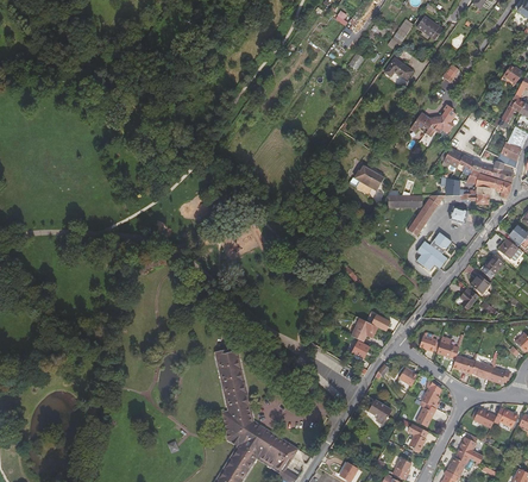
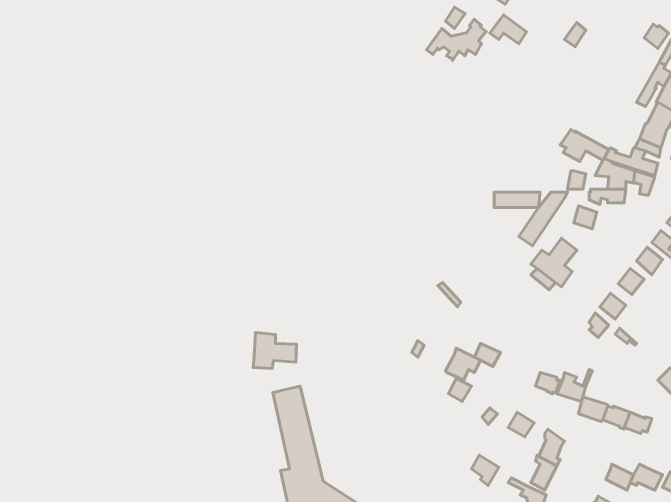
building: [409,105,455,137] -> [427,19,486,60]
building: [353,164,383,194] -> none
building: none -> [253,333,296,368]

